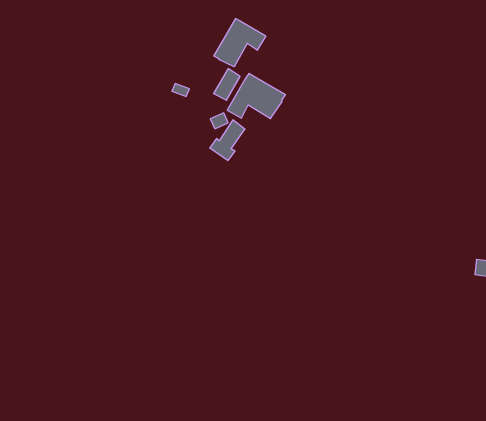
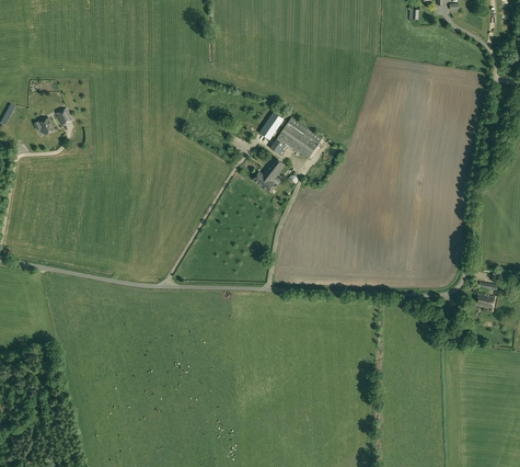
building: [214,19,266,67] -> none

